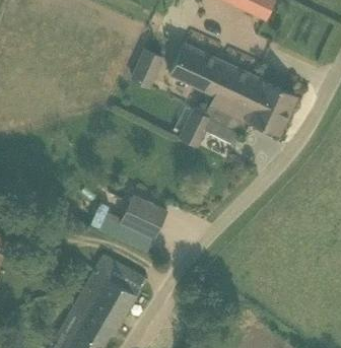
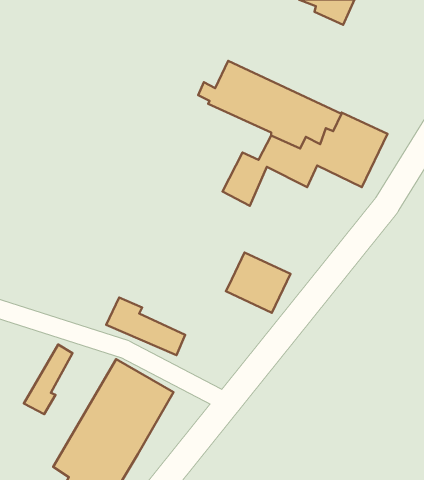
building: [131,50,162,87] -> none
building: [120,195,165,237] -> [226,252,291,313]
building: none -> [24,345,73,414]

